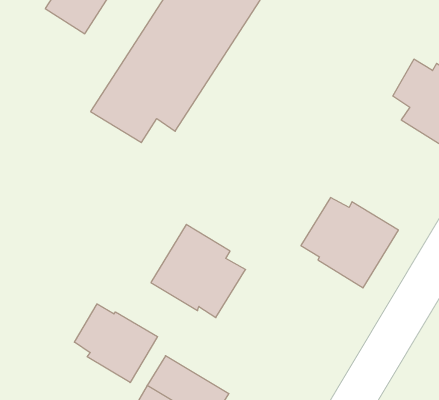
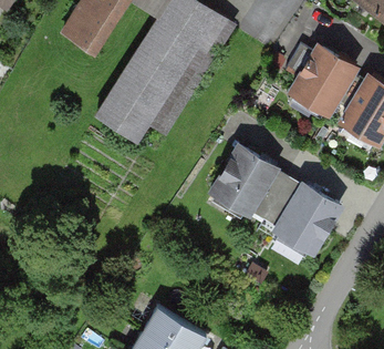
building: none -> [286,43,354,112]
building: [151,224,246,318] -> [212,145,287,218]
building: [74,304,158,383] -> none

